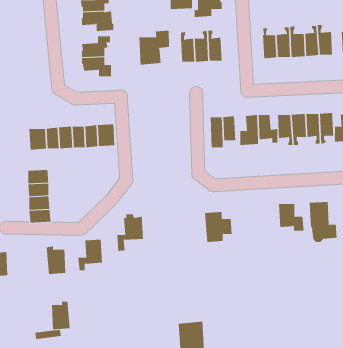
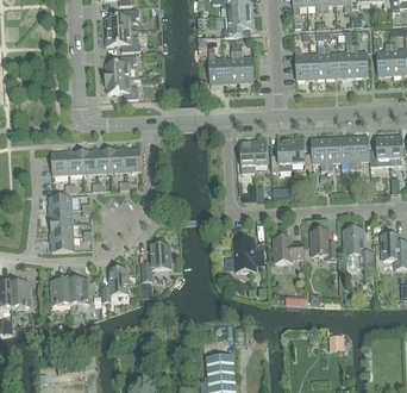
building: [139,30,170,65] -> none
building: none -> [273,237,303,262]
building: [51,301,70,330] -> [51,275,71,305]

